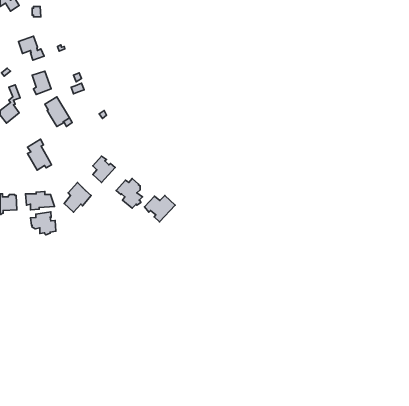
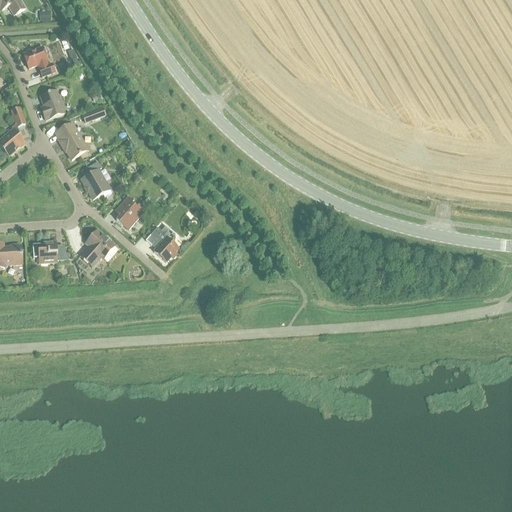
building: [28,139,52,170] -> [81,159,111,198]
building: [145,195,175,222] -> none
building: [31,212,56,235] -> none

